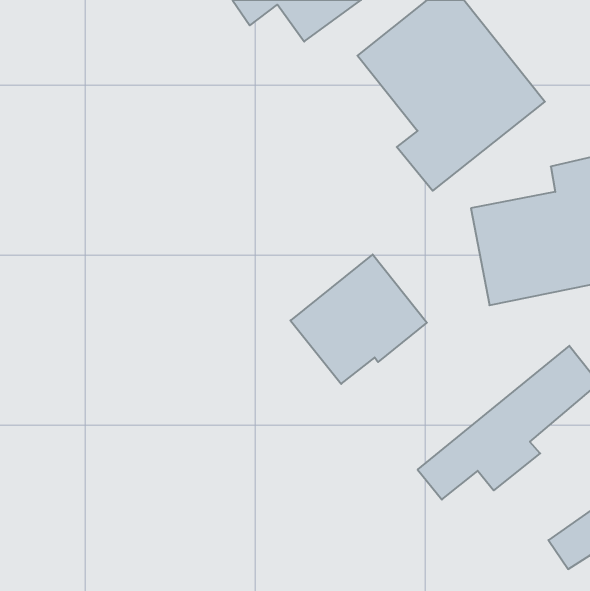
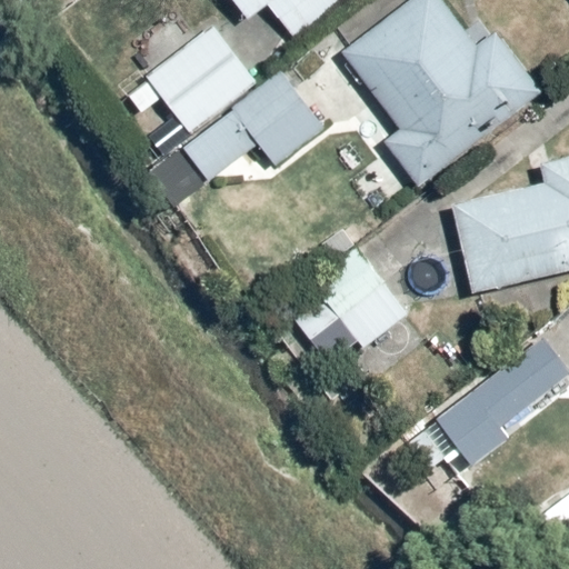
building: none -> [141,14,338,180]

